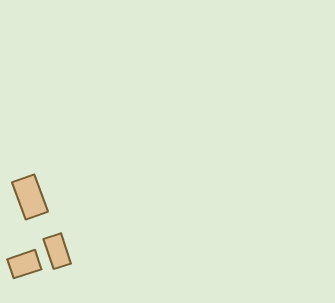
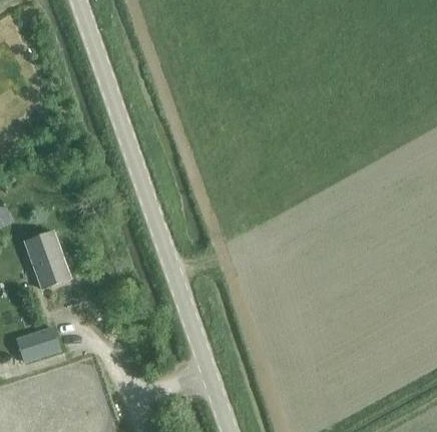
building: [43,233,71,269] -> none

